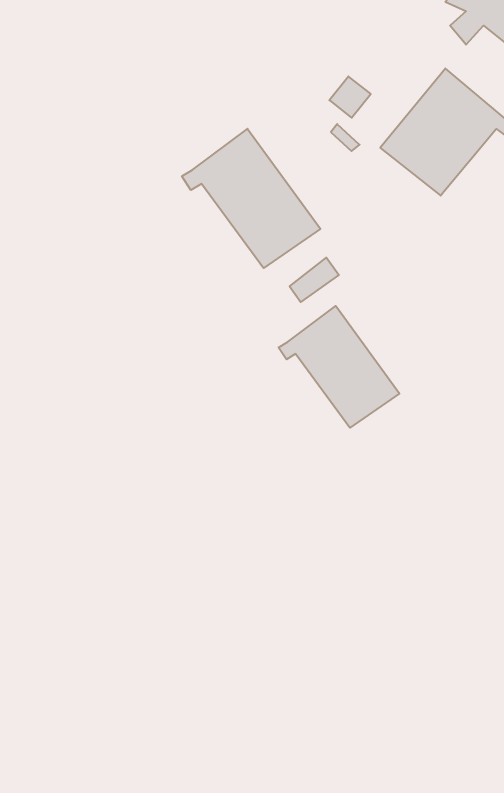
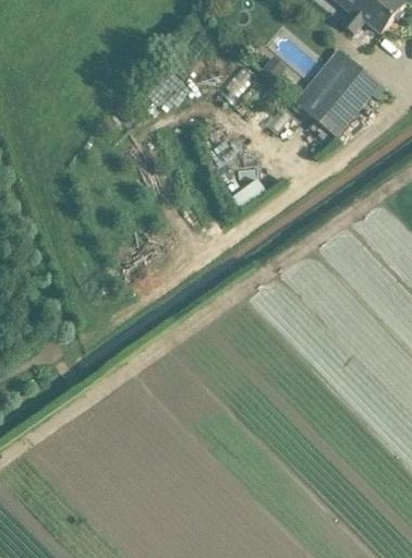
building: [182,129,320,268] -> none
building: [279,306,399,428] -> none

